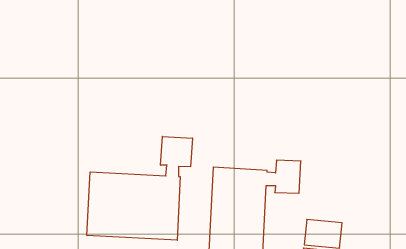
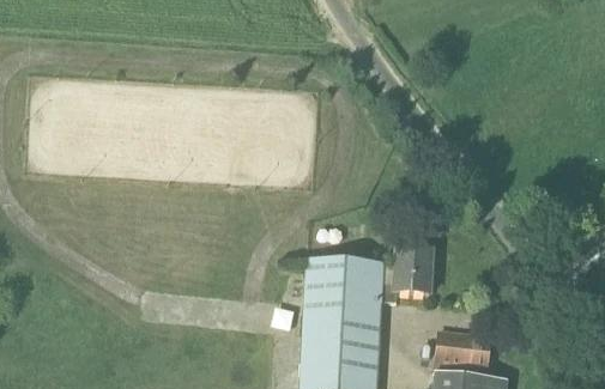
building: [87,136,192,240] -> none

